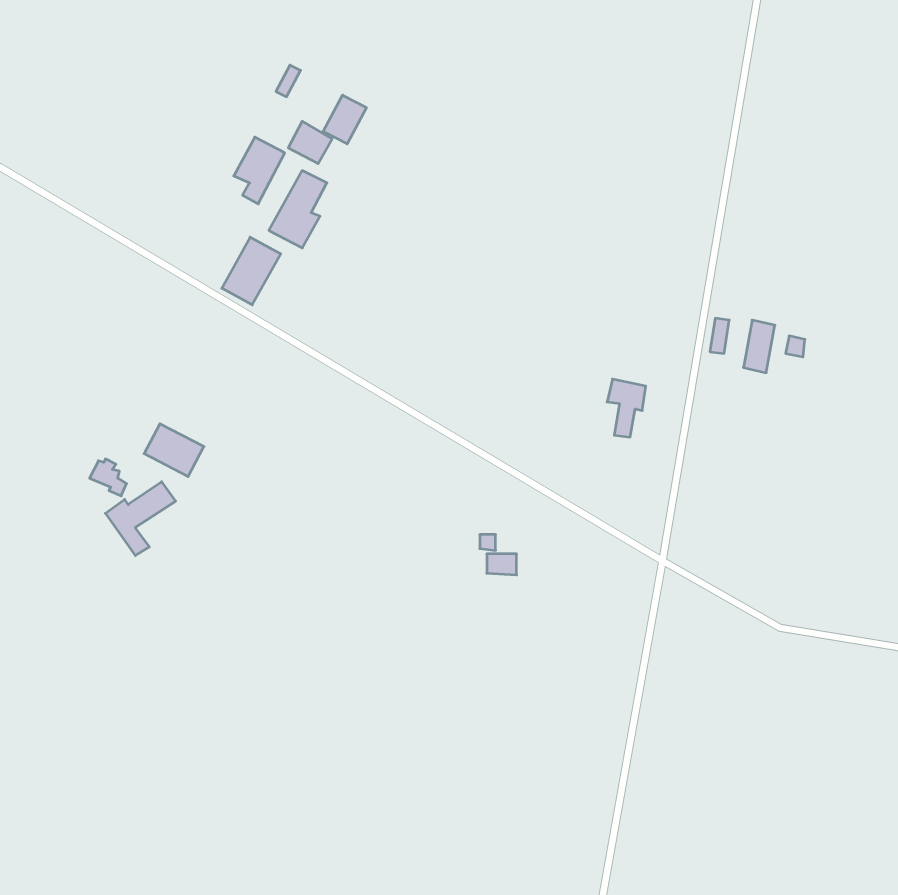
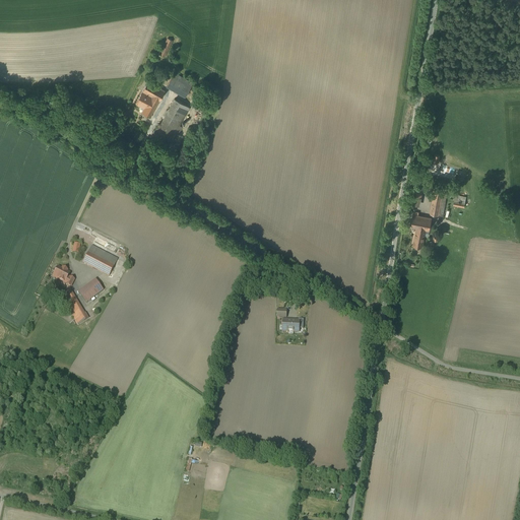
building: [323,95,366,144] -> none
building: [222,237,281,305] -> none
building: [607,379,646,437] -> [410,212,433,246]

